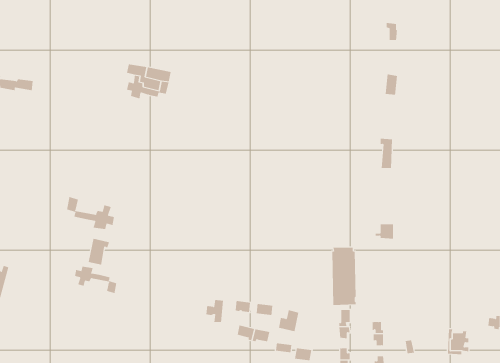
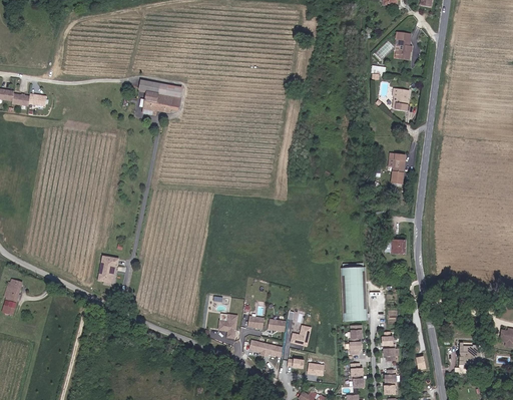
building: [67,196,115,230] -> none
building: [74,266,117,294] -> none

